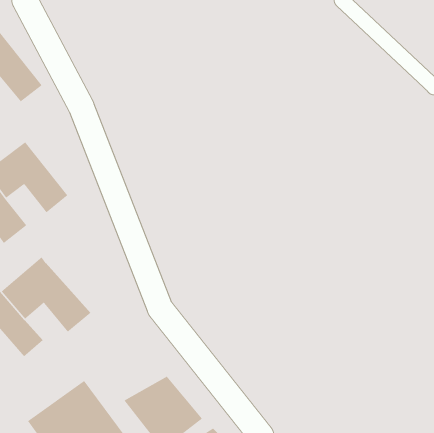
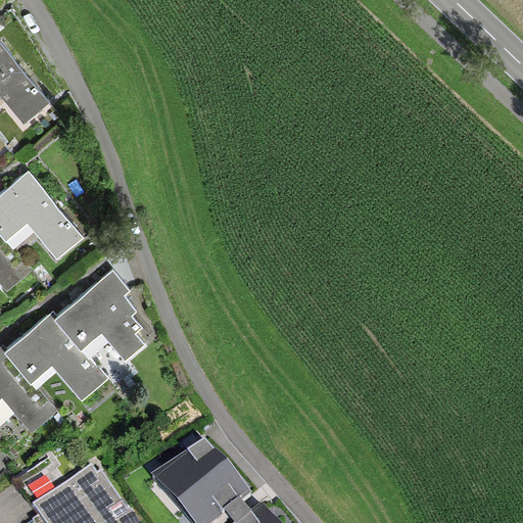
building: none -> [55,269,143,361]

